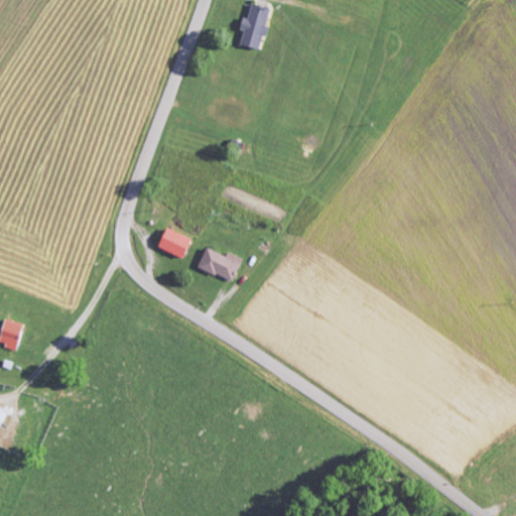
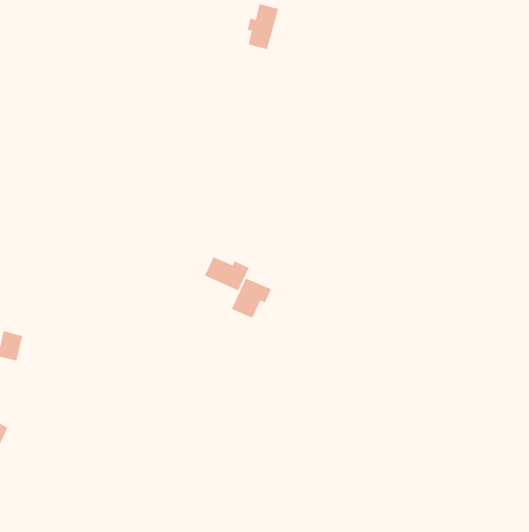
building: [157,228,190,258] -> none
building: none -> [231,277,272,319]

